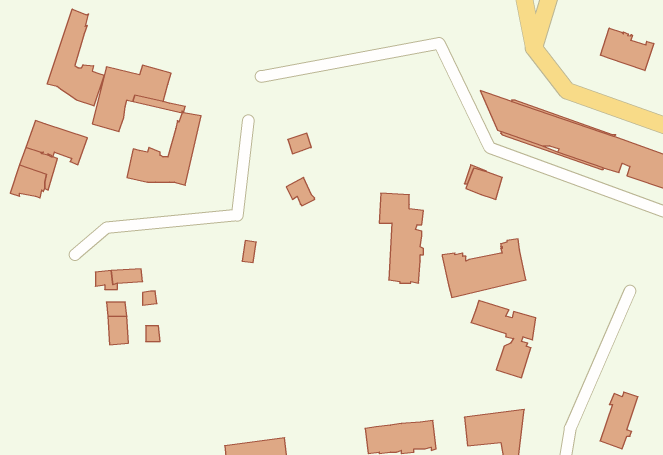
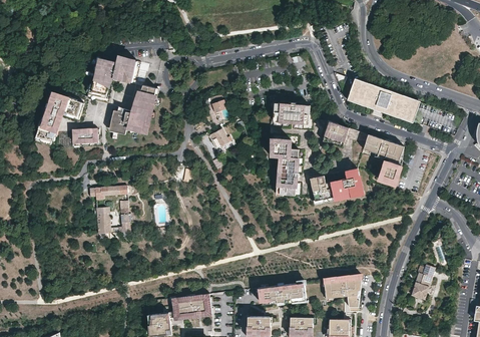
building: [47,9,104,106] -> none
building: [600,28,654,71] -> none
building: none -> [272,101,308,122]
building: none -> [71,128,99,145]
building: [471,300,536,378] -> [363,134,404,184]

